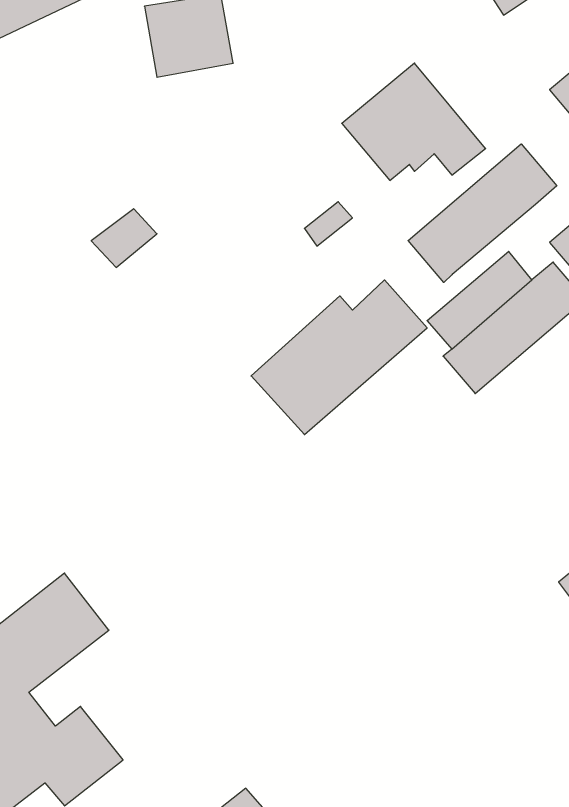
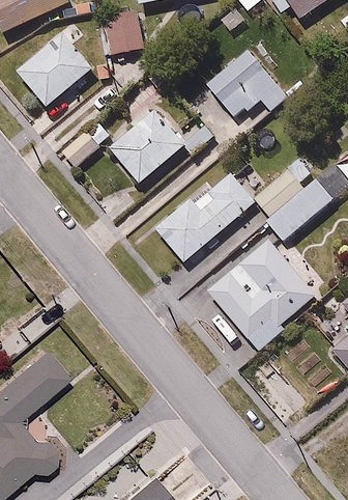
building: none -> [16,34,92,109]
building: [408,144,557,282] -> none
building: none -> [107,111,183,186]
building: none -> [206,241,317,353]

